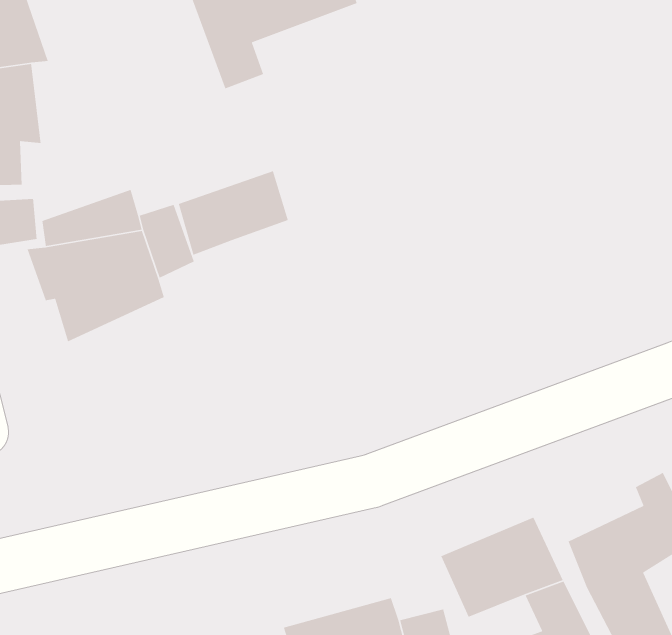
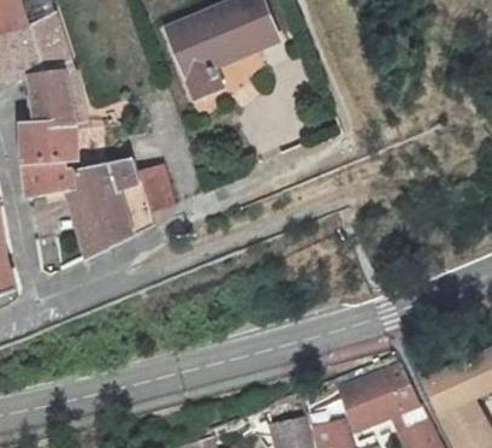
building: [178,170,289,256] -> none

